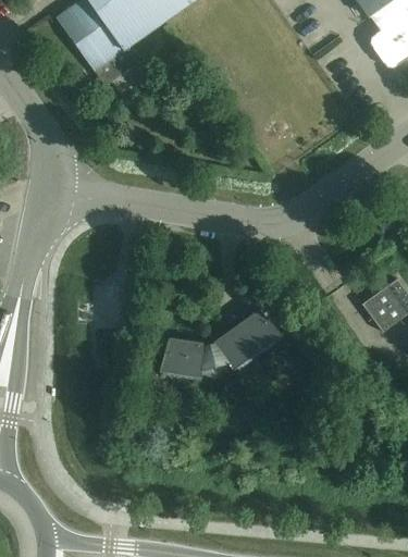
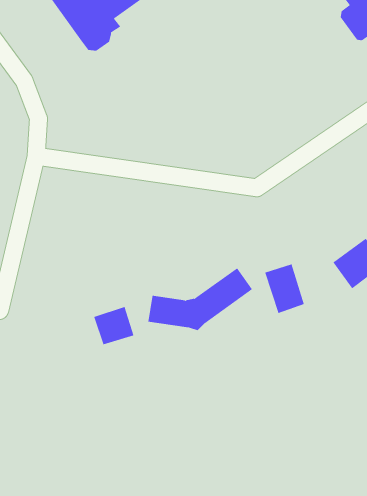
building: none -> [265,263,305,314]
building: none -> [93,306,134,345]

